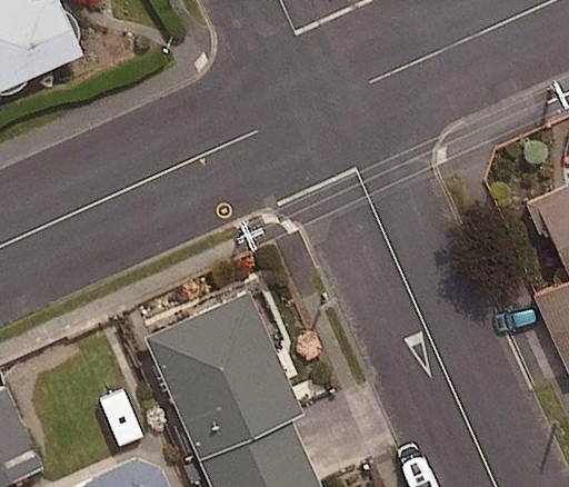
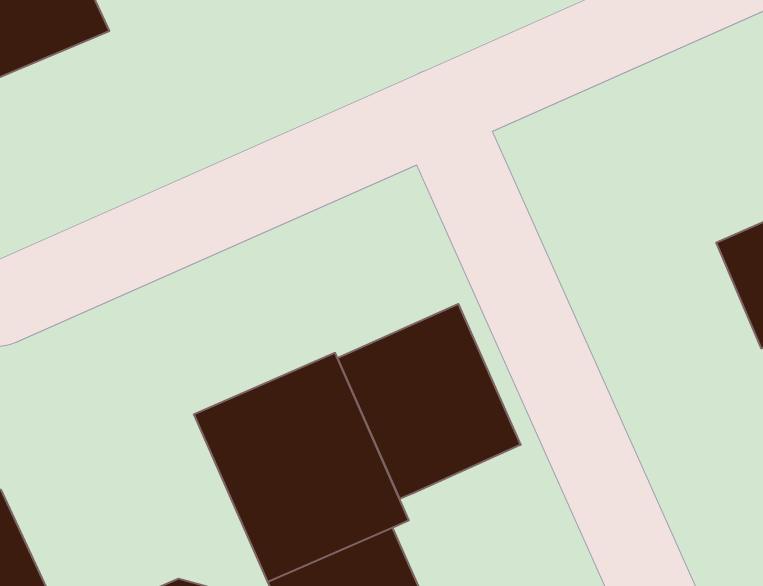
building: none -> [337,304,521,499]

